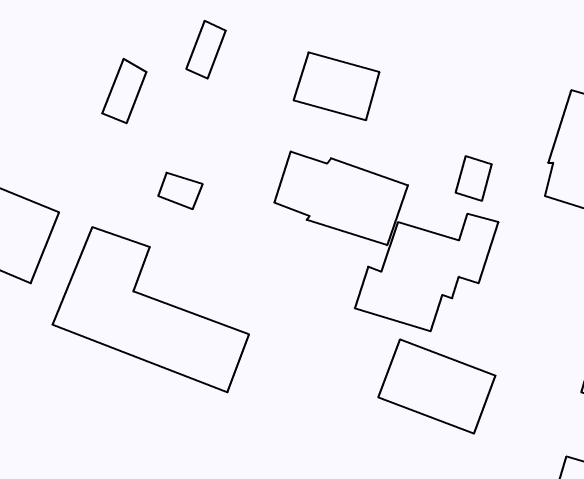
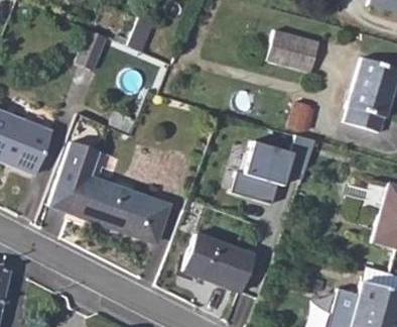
building: [294,52,380,120] -> [267,28,319,70]
building: [274,151,408,245] -> none
building: [378,340,496,434] -> [179,233,251,291]

